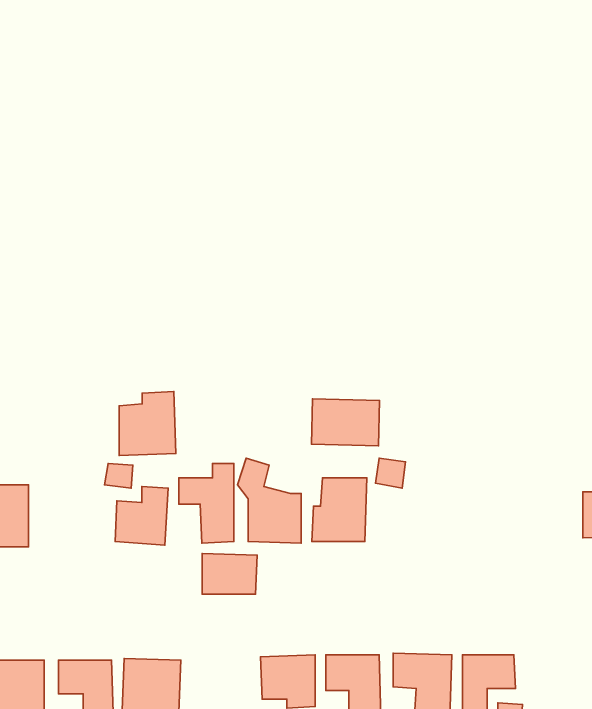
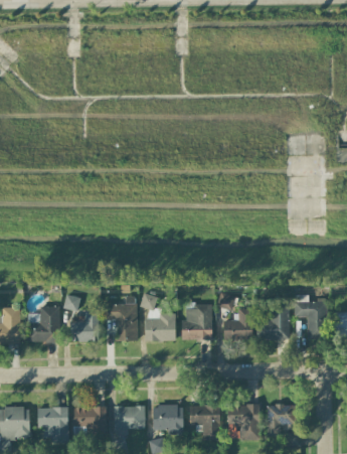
building: [119,392,176,455] -> [27,306,59,342]
building: [312,399,380,446] -> none
building: none -> [294,295,327,338]
building: none -> [256,303,289,340]
building: none -> [222,309,252,340]
building: [202,553,257,594] -> [114,406,145,429]

